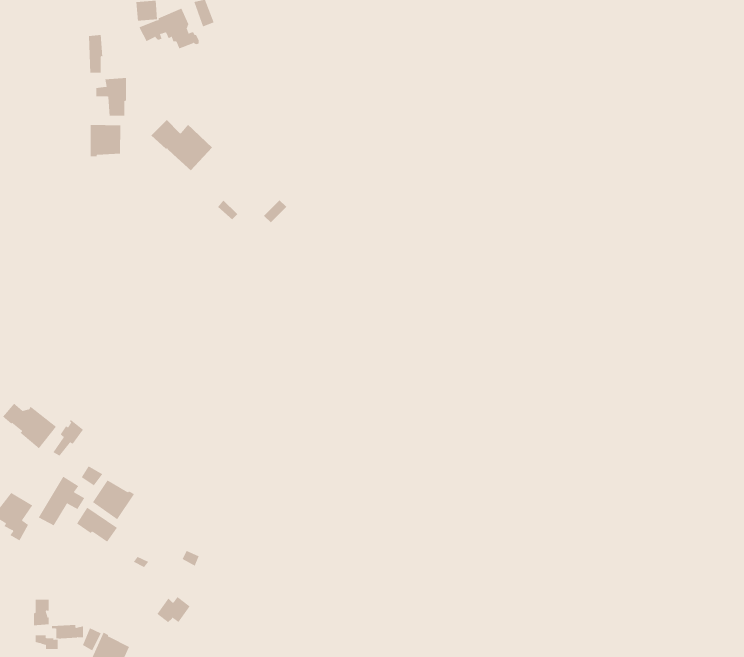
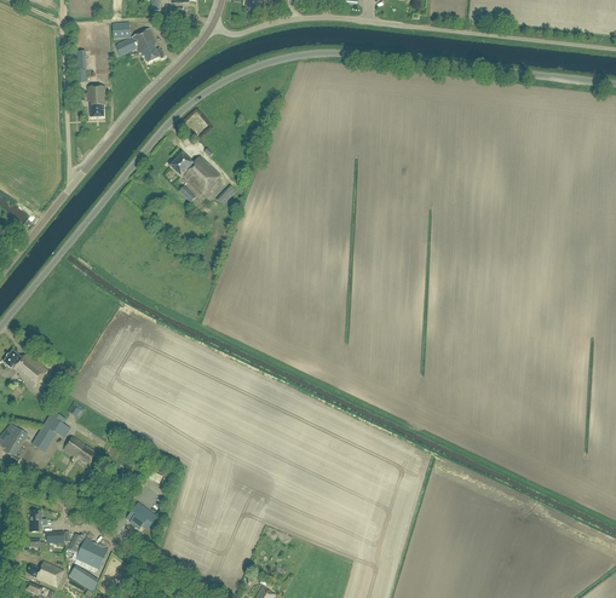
building: [151,119,213,171] -> [168,151,219,194]
building: [90,124,121,157] -> none
building: [92,479,135,520] -> none

